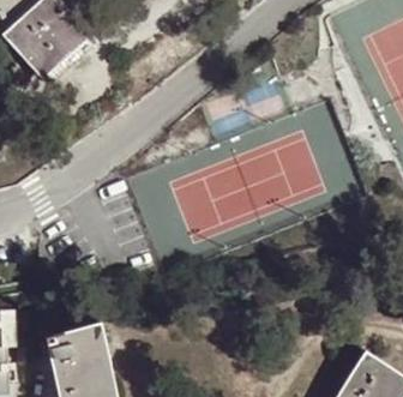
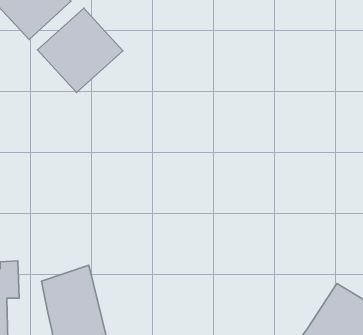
building: none -> [37,8,123,93]

